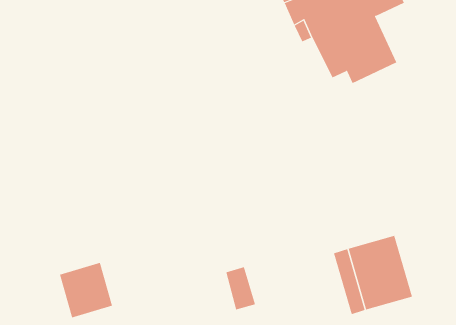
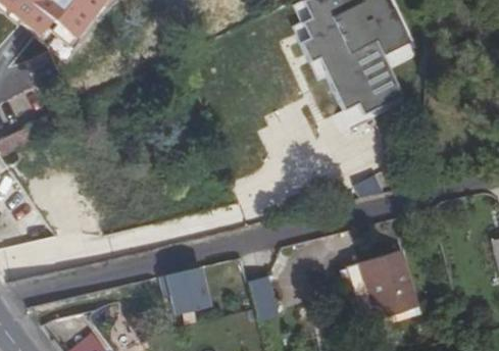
building: [59,262,113,318] -> [162,262,211,313]

